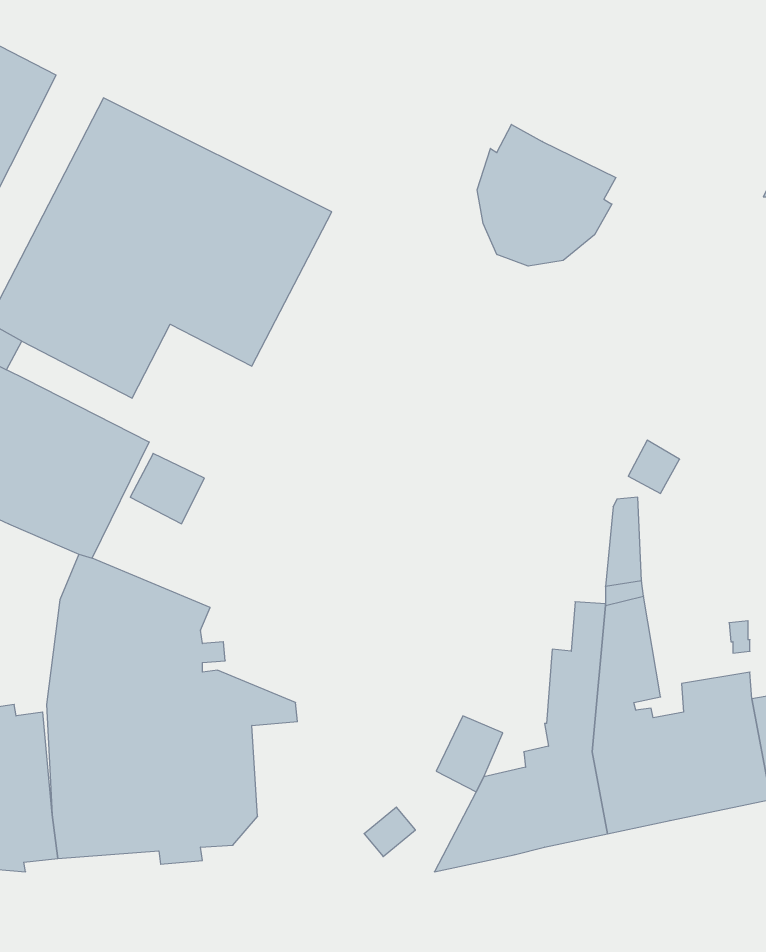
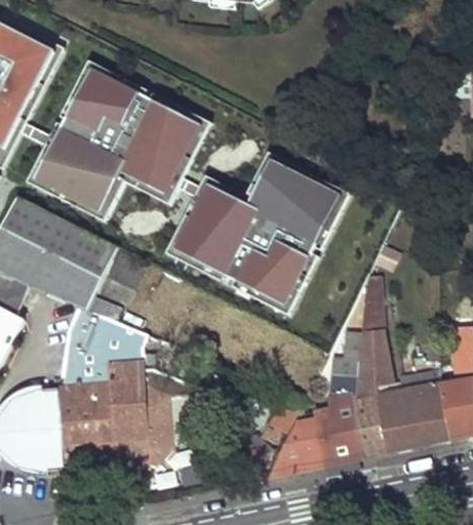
building: [477,124,616,266] -> none
building: none -> [168,152,352,314]

